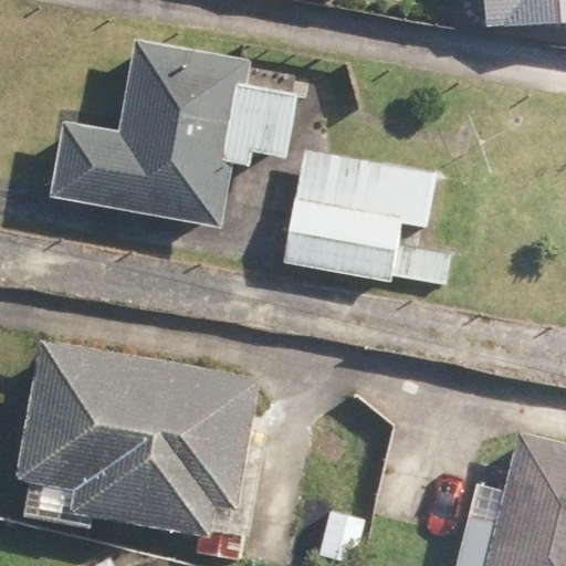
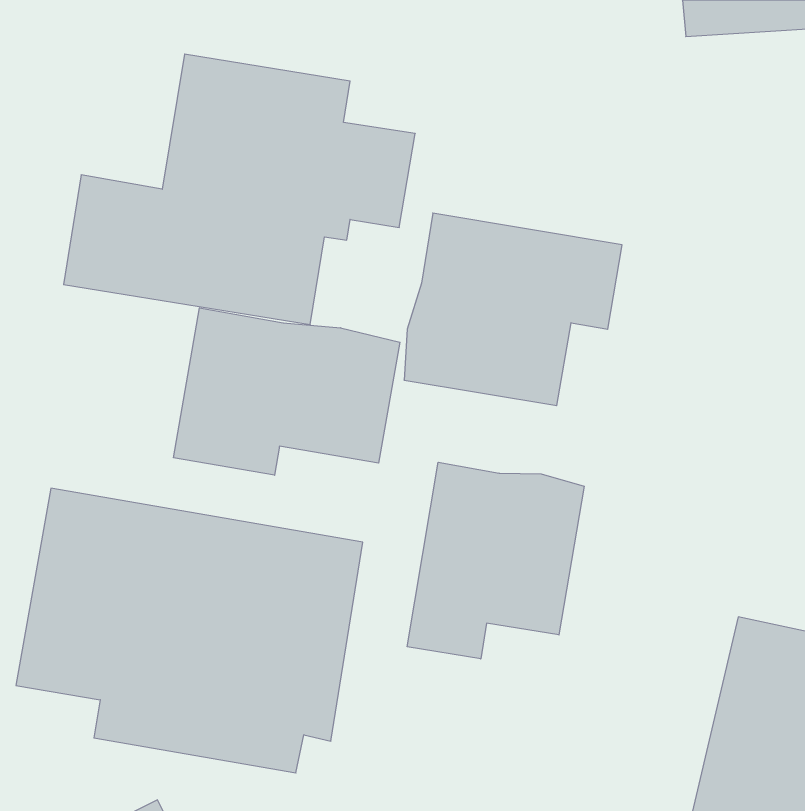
building: none -> [174,308,400,475]
building: none -> [407,462,584,659]

